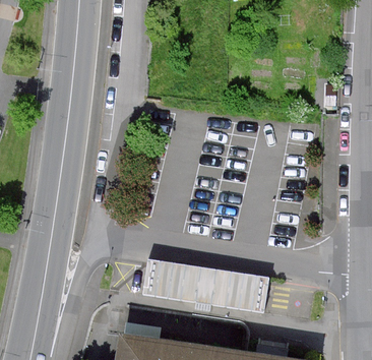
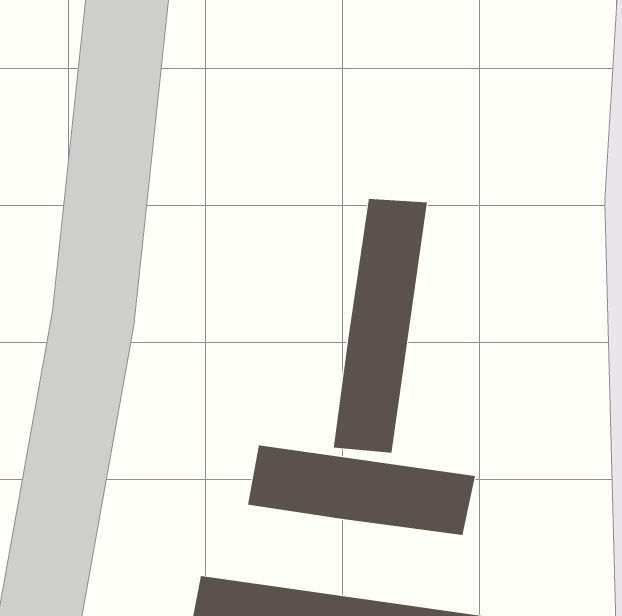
building: none -> [333,198,428,454]

